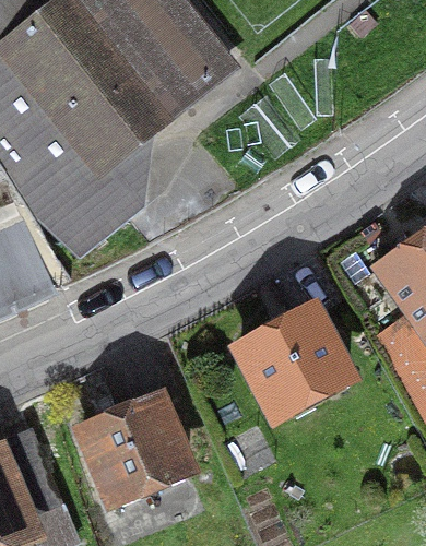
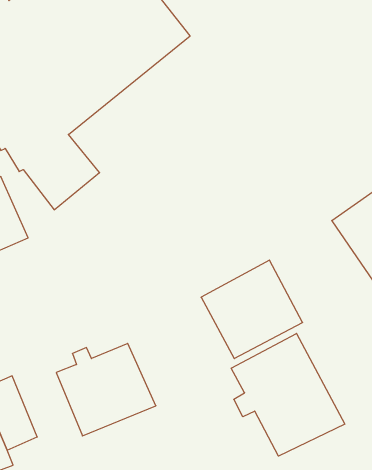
building: none -> [231,333,345,456]

